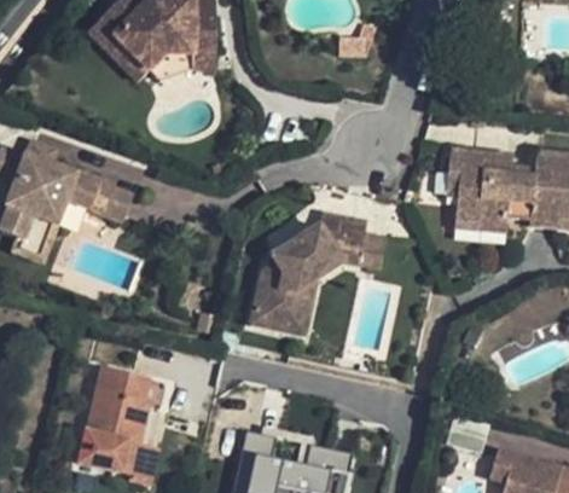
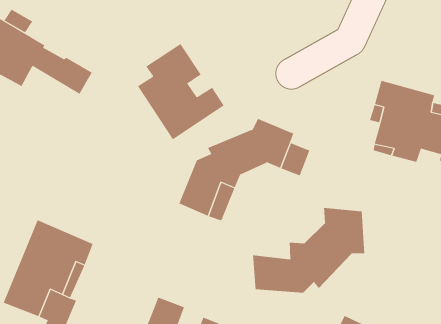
building: none -> [137,43,224,140]
building: none -> [252,207,365,294]

